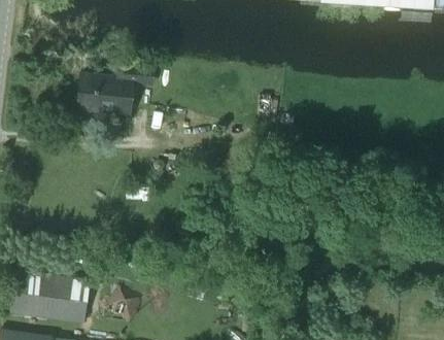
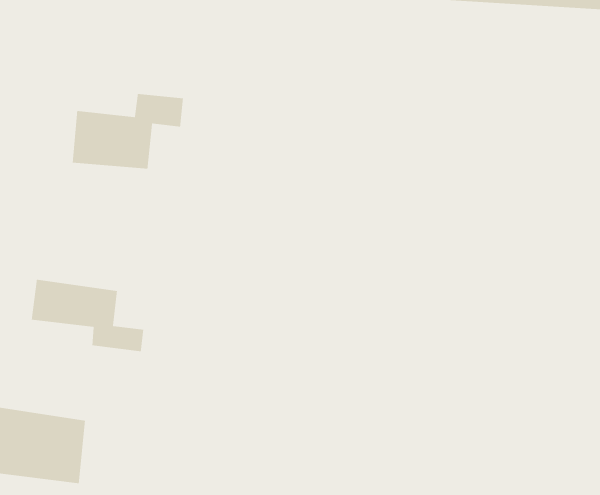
building: none -> [31,279,144,352]

